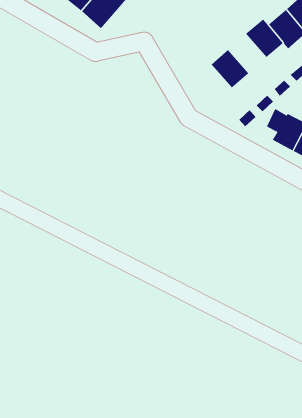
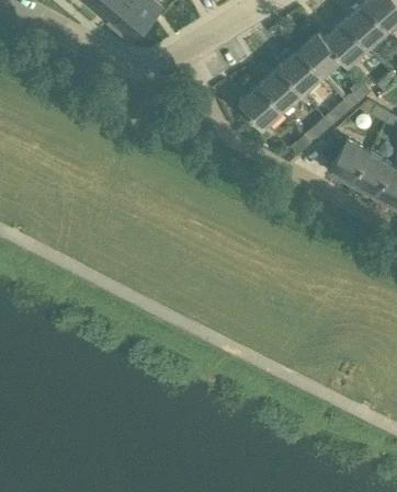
building: none -> [279,48,322,93]
building: none -> [238,83,283,128]

